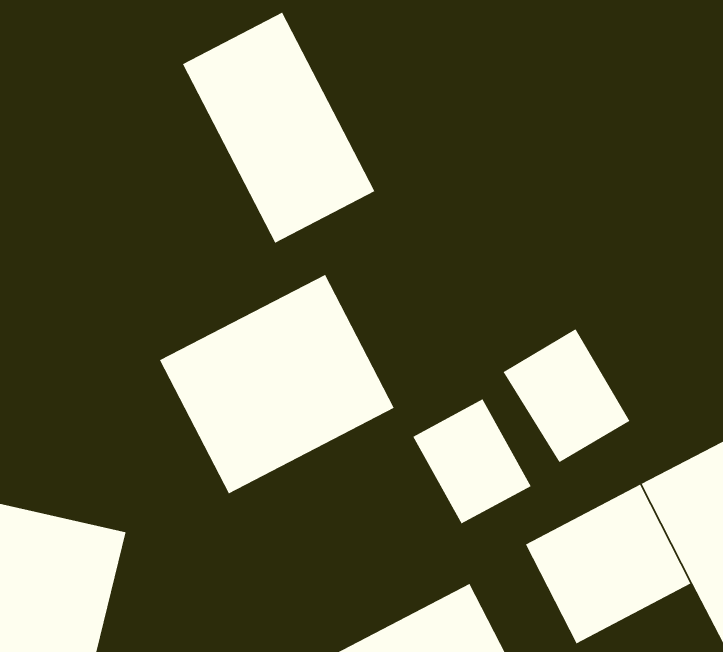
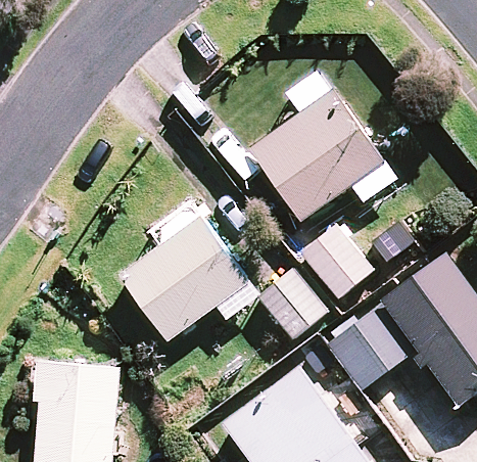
building: [182,11,376,244] -> none
building: none -> [250,80,394,220]

